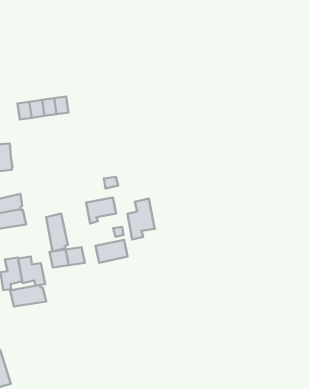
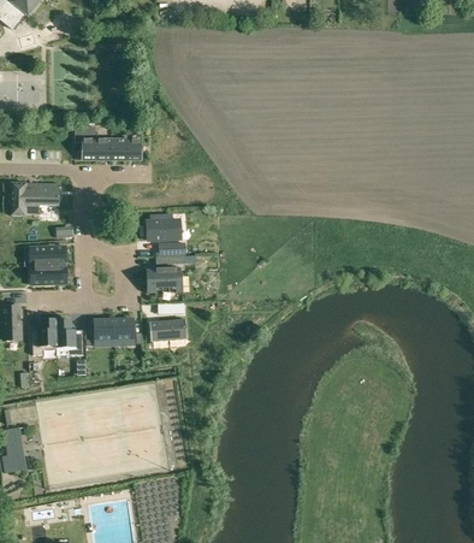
building: none -> [146,214,178,240]
building: [127,199,155,239] -> none
building: [46,213,68,251] -> none
building: [10,285,46,307] -> none

